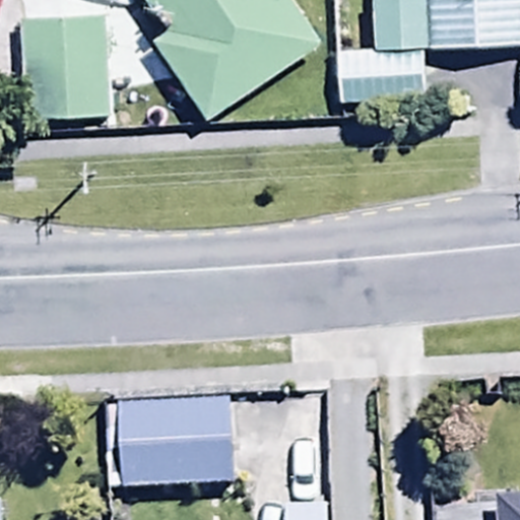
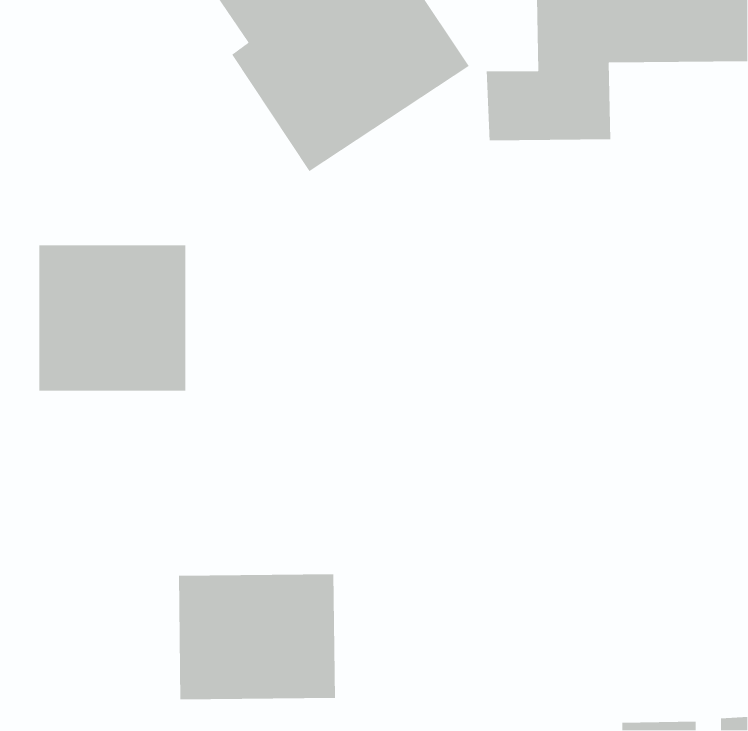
building: [20,17,106,117] -> none
building: none -> [39,245,186,392]

